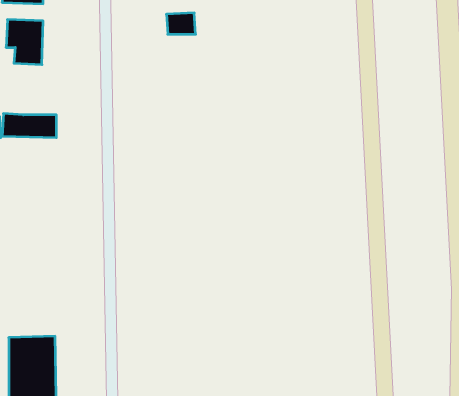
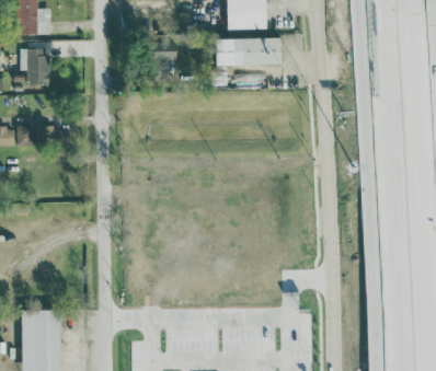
building: none -> [217,37,282,66]

